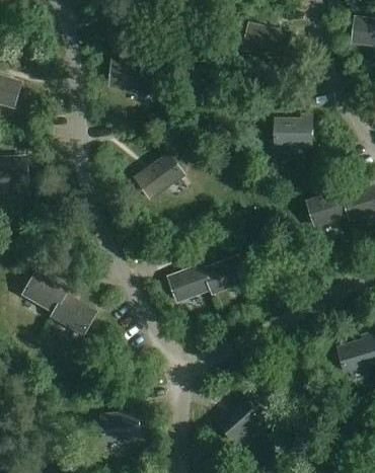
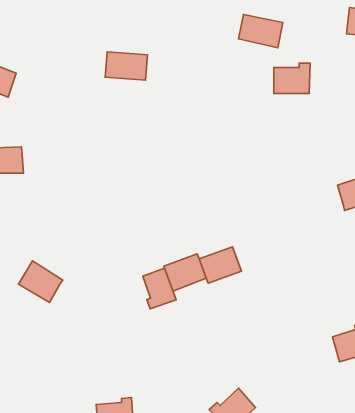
building: [275,115,311,146] -> [274,63,310,94]
building: [135,155,183,200] -> none
building: [307,190,349,227] -> none
building: none -> [143,268,176,309]
building: [51,295,95,335] -> none

